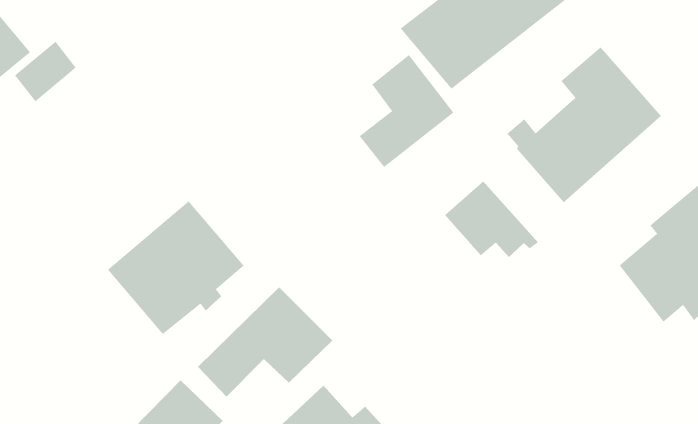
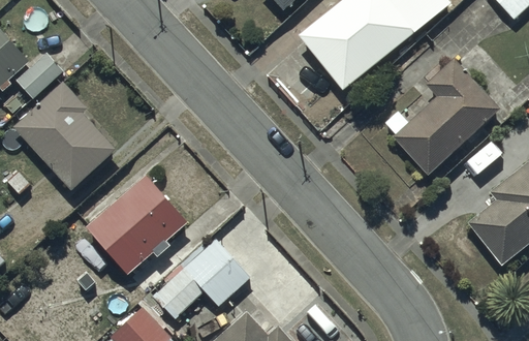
building: [359,54,454,168] -> none
building: none -> [14,81,115,188]
building: [444,180,539,258] -> none

